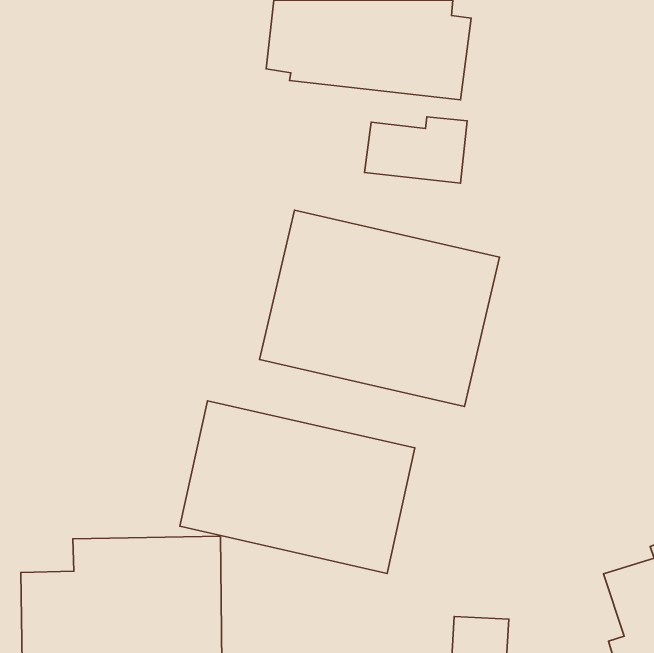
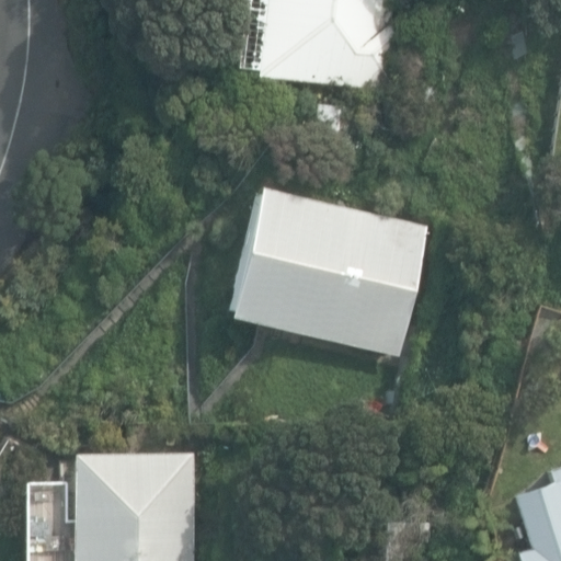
building: [180,401,415,574] -> none

